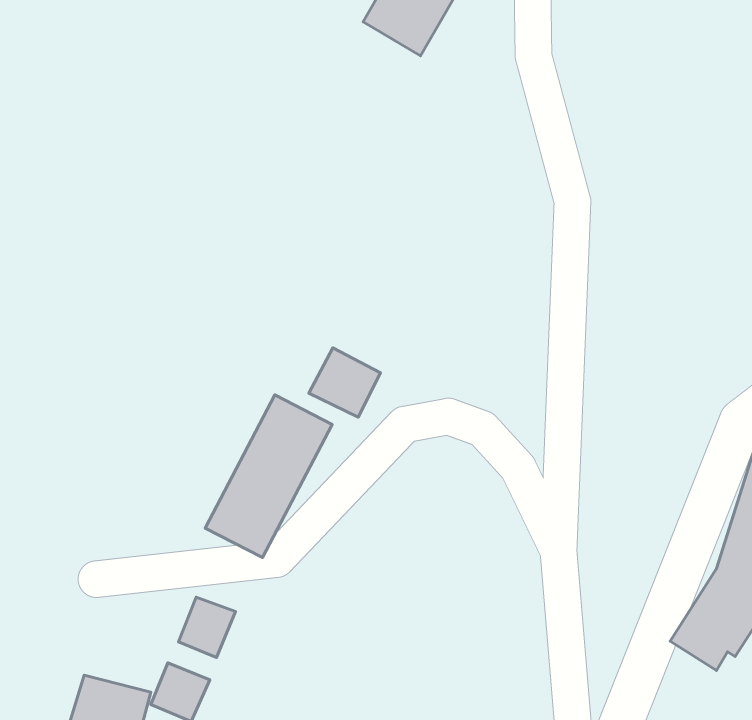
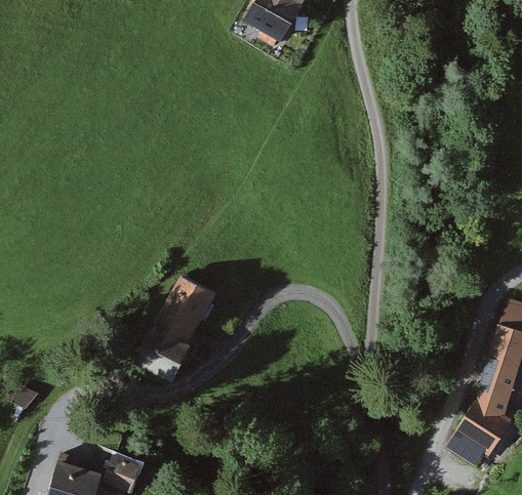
building: [309,348,381,417] -> none
building: [178,597,235,658] -> none

